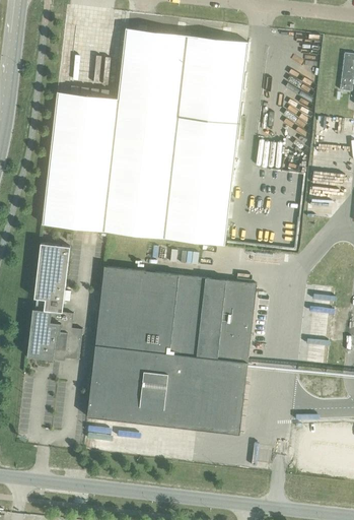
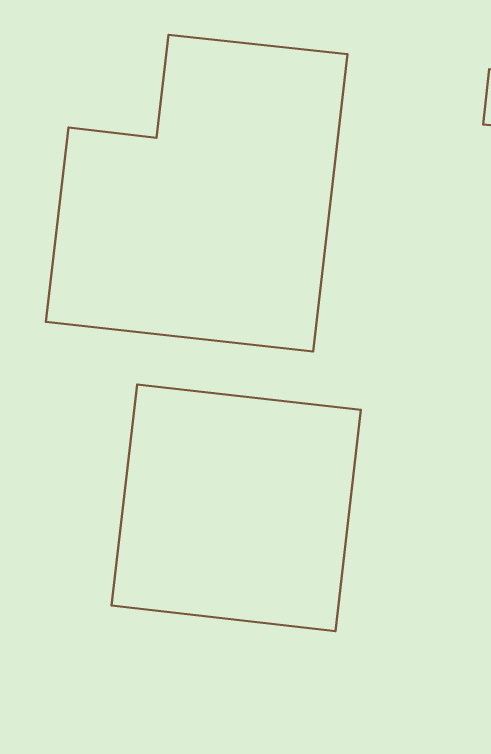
building: [30,244,82,360] -> none

